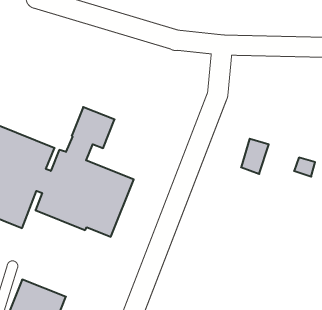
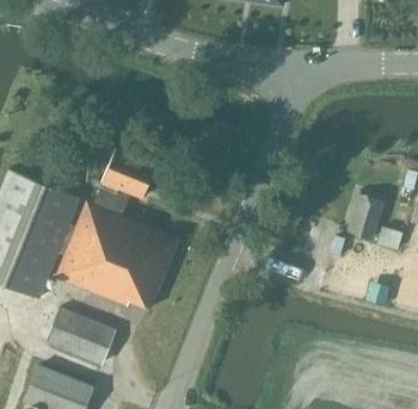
building: [241,139,269,174] -> [349,196,383,240]
building: none -> [47,309,116,364]

